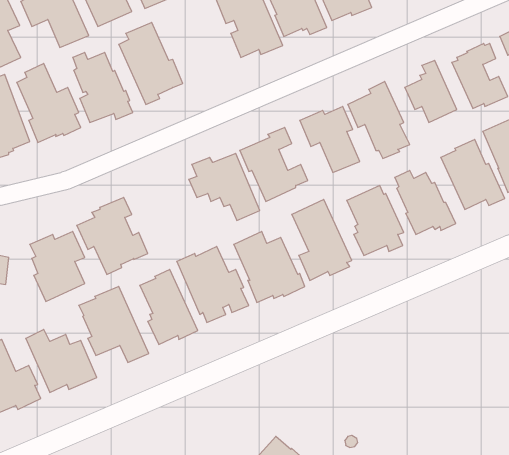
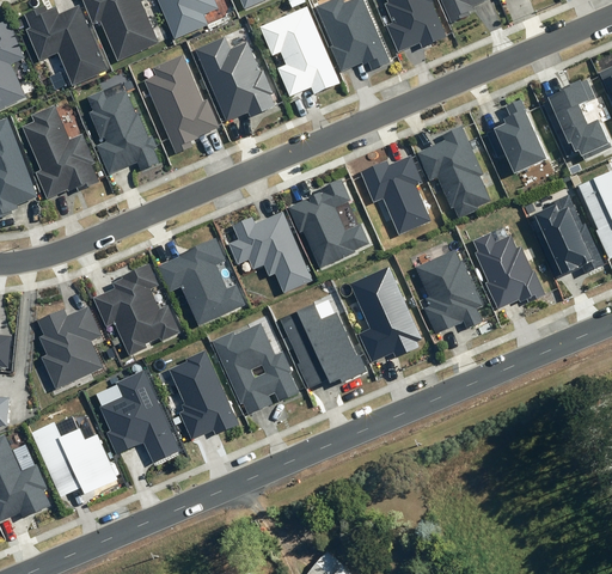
building: none -> [195,37,275,122]
building: none -> [158,239,246,326]

